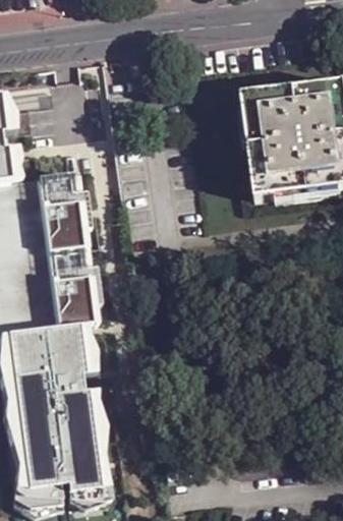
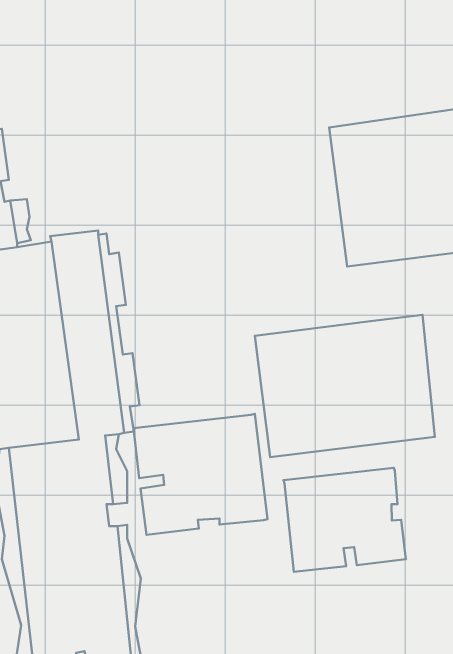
building: none -> [255,315,435,457]
building: none -> [134,414,268,535]
building: none -> [284,468,406,572]

